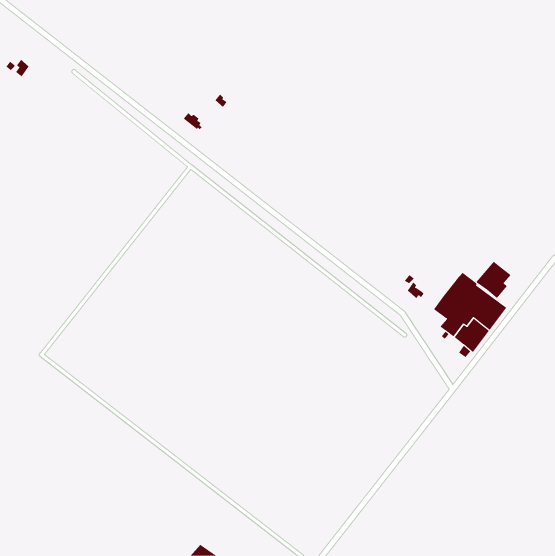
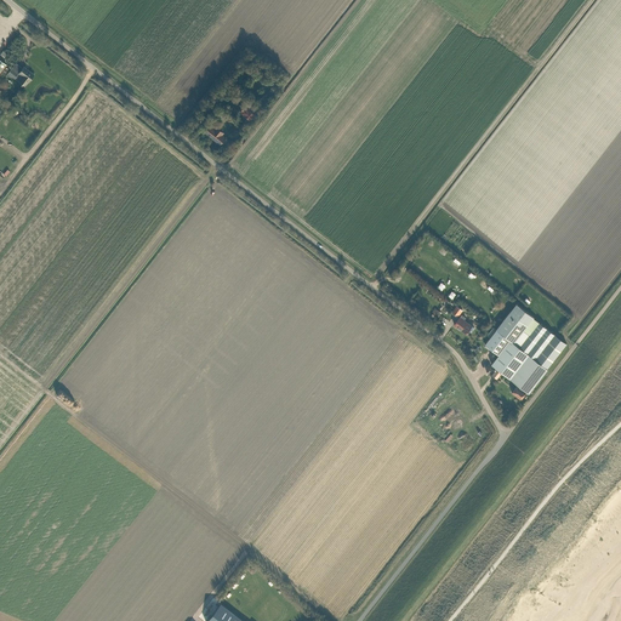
building: [476,261,511,299] -> none

